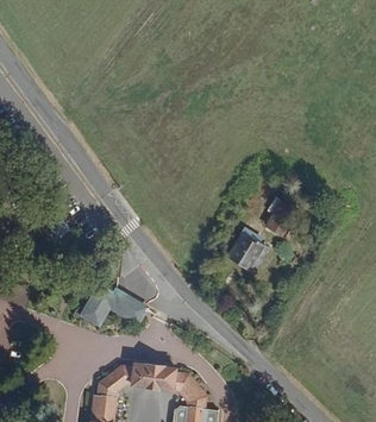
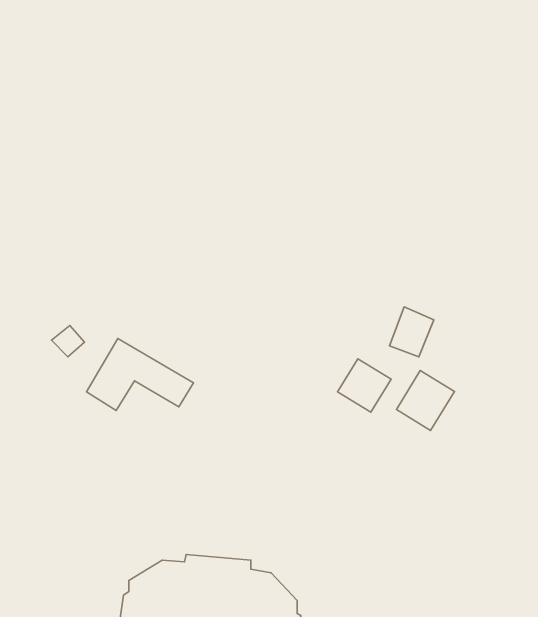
building: none -> [396,371,454,430]
building: [80,279,149,326] -> [87,338,194,410]

